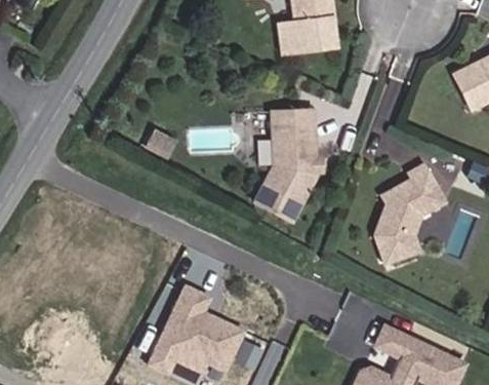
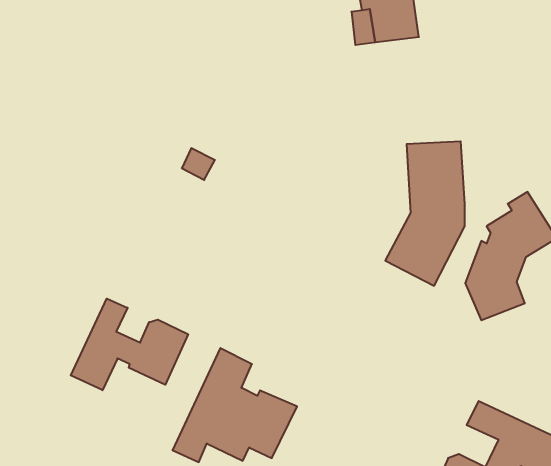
building: [254,109,316,221] -> [385,141,465,286]
building: none -> [71,299,188,390]

